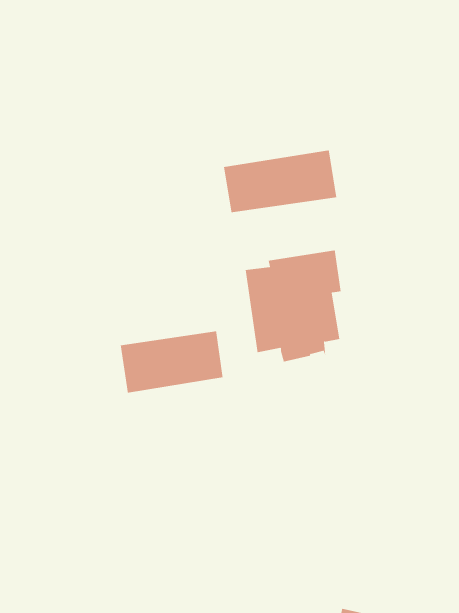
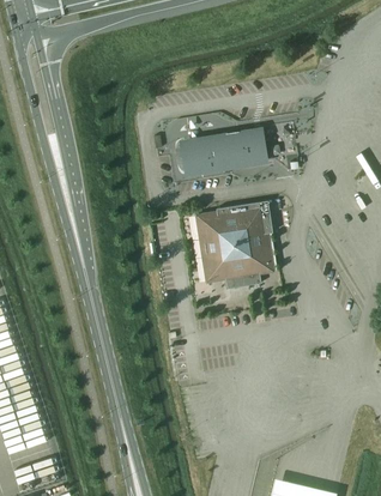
building: [120,331,223,394] -> none

